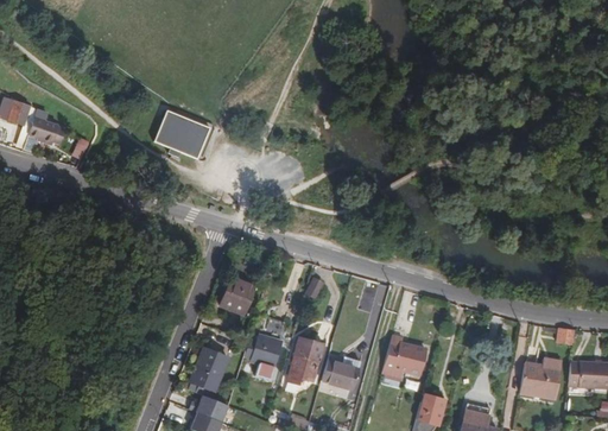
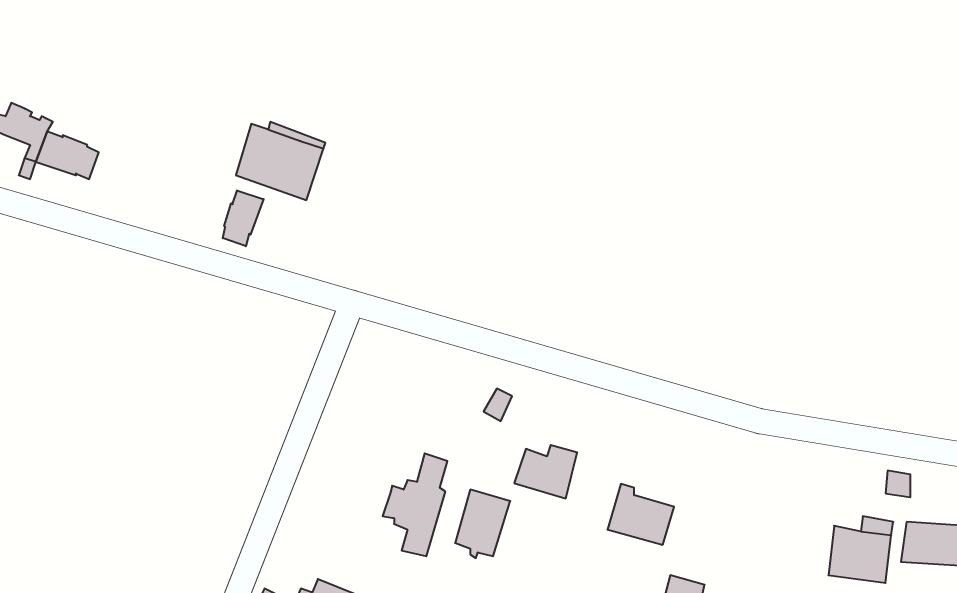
building: none -> [223,190,264,246]
building: [220,278,255,315] -> none
building: [190,348,228,391] -> none
building: [321,356,360,389] -> [514,445,577,498]

